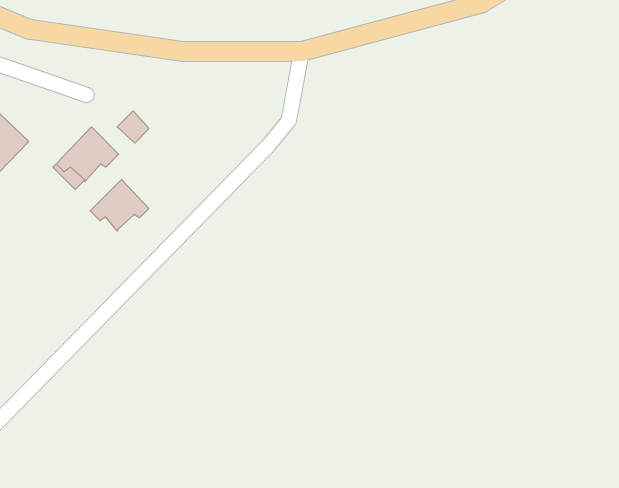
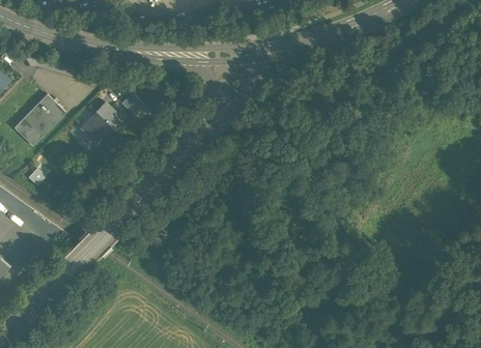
building: [90,179,149,231] -> none

